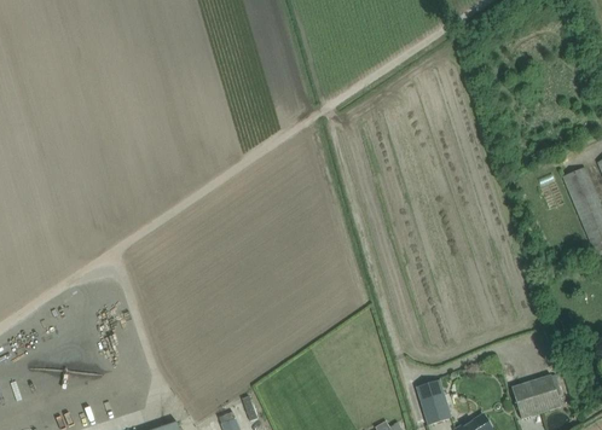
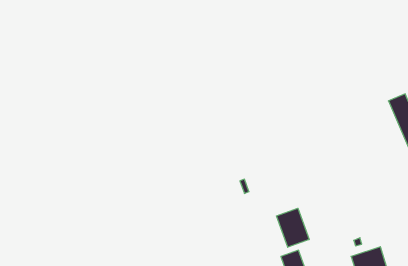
building: none -> [277,208,309,247]

